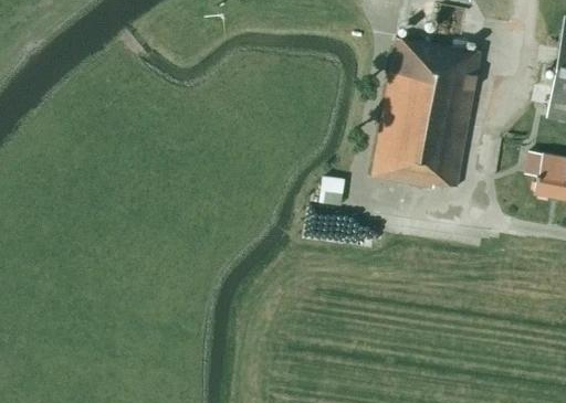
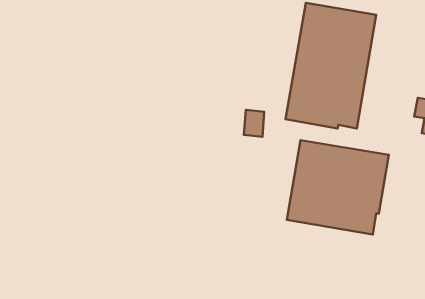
building: none -> [287,140,389,235]

